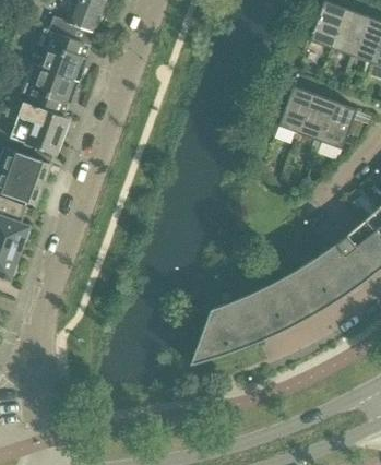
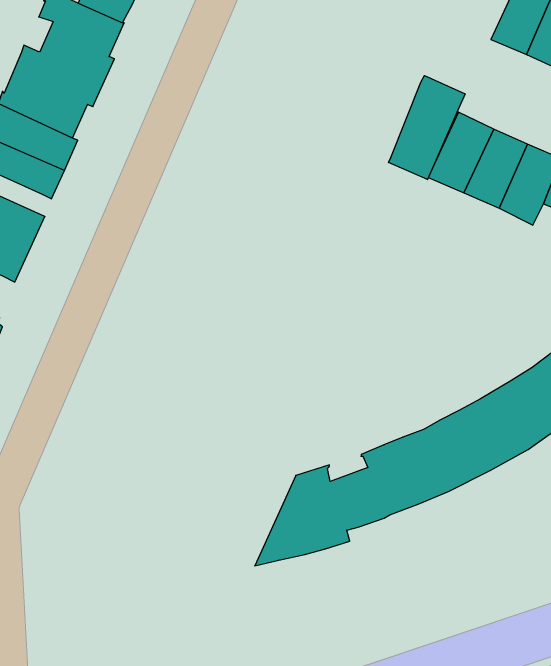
building: none -> [389,76,465,180]

